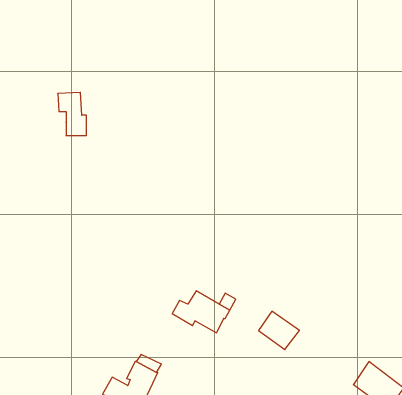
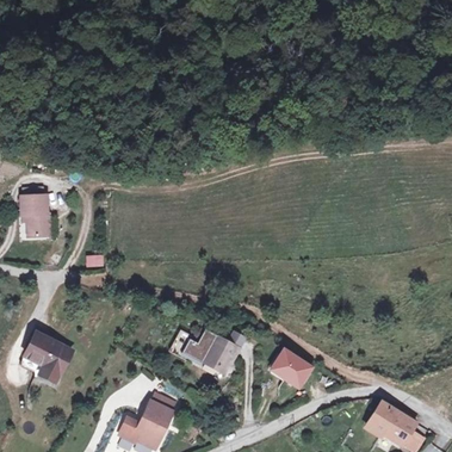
building: [58,92,86,136] -> [26,198,55,241]
building: none -> [20,330,74,380]

